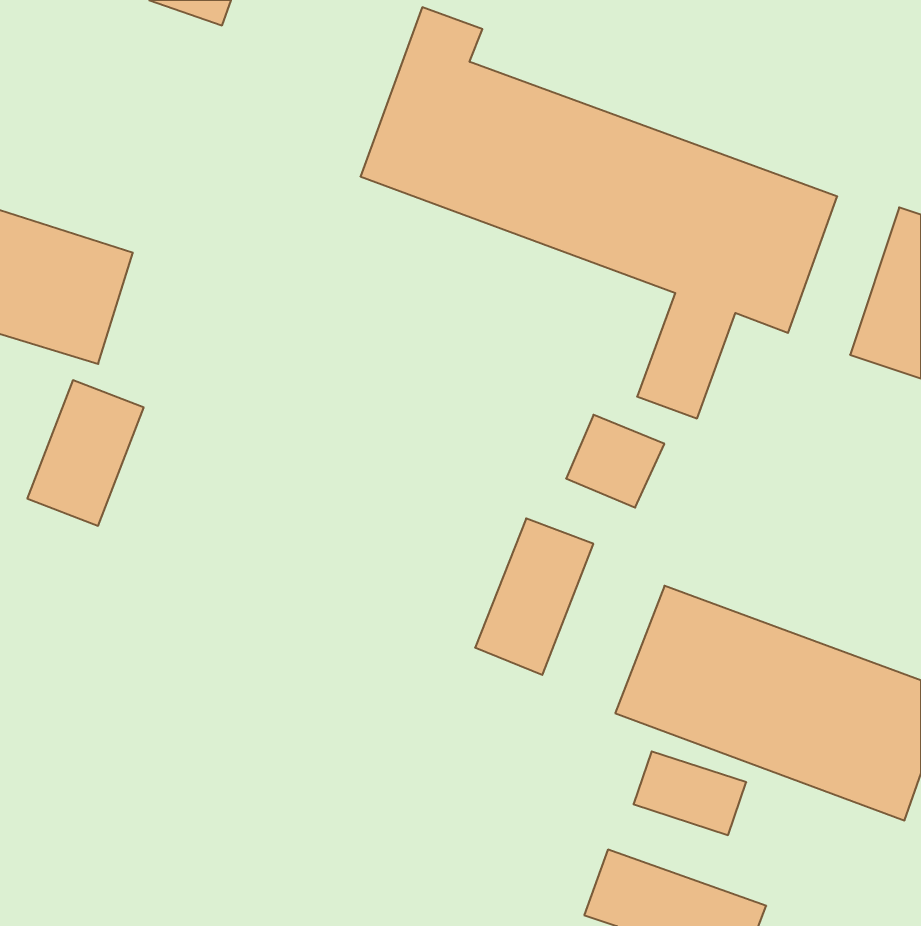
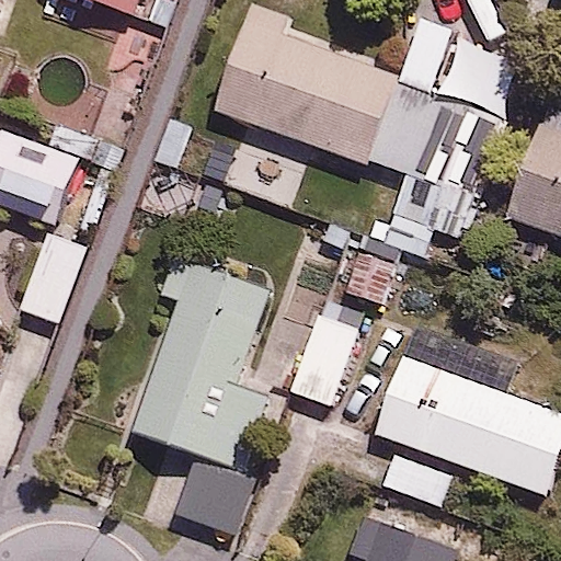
building: none -> [135,256,270,538]

